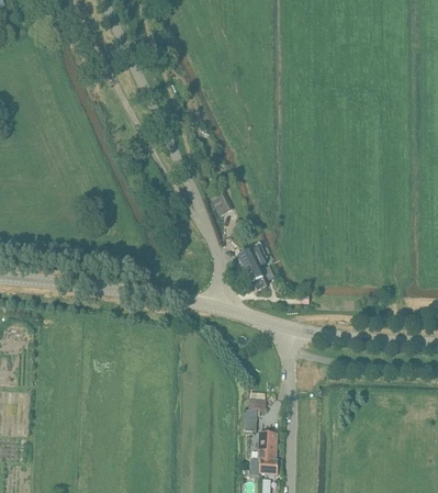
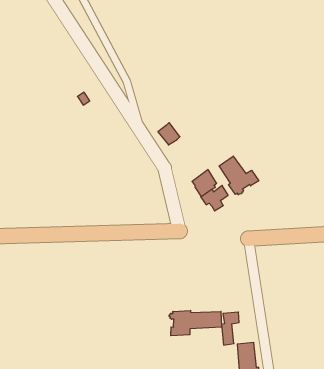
building: none -> [219,156,259,195]
building: none -> [169,310,222,336]

